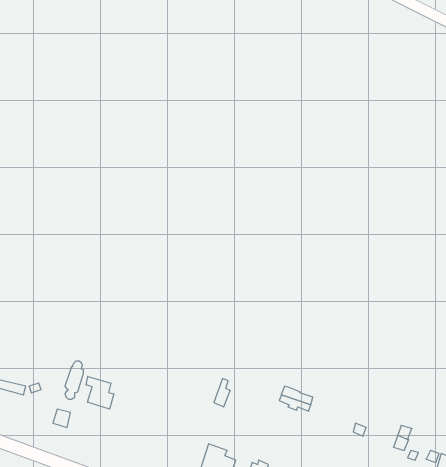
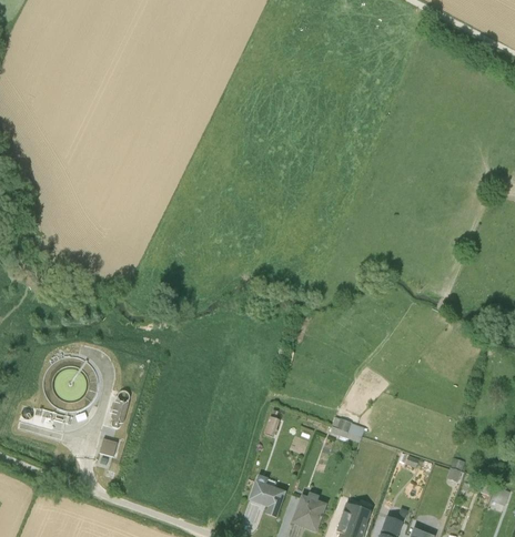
building: [86,376,114,409] -> none

